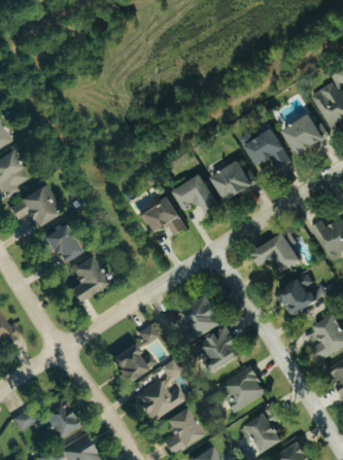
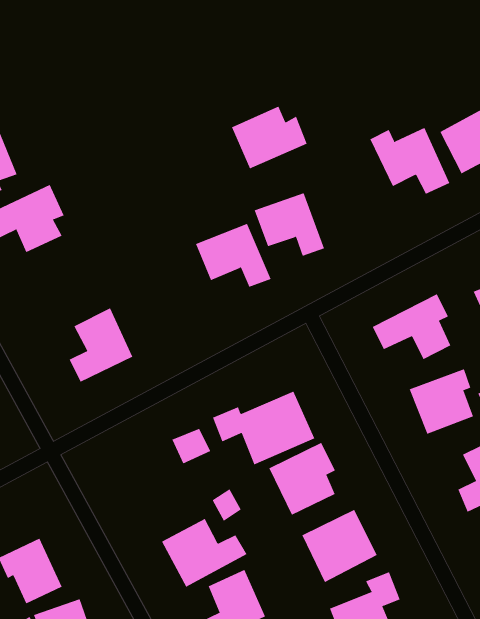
building: [211,161,259,201] -> [231,106,307,169]
building: [44,224,80,264] -> none
building: [109,343,157,384] -> none

